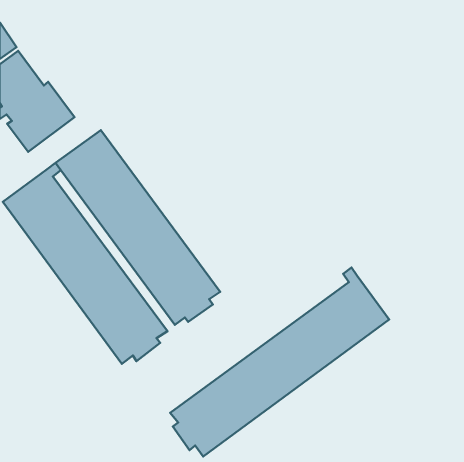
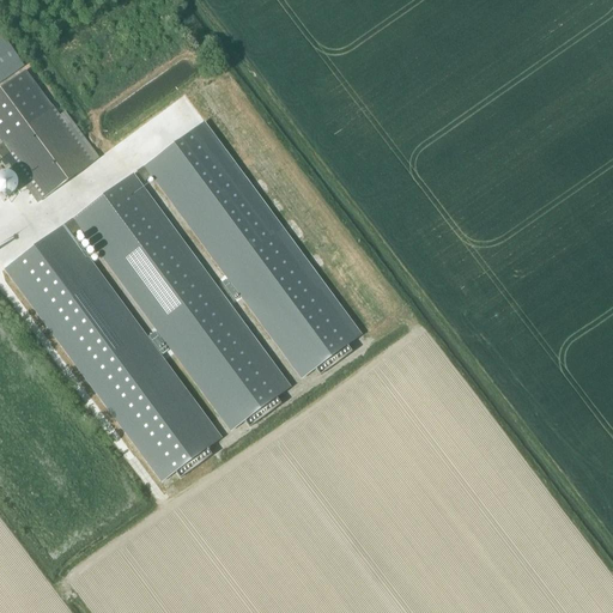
building: none -> [136,119,360,375]
building: [170,268,389,456] -> none

